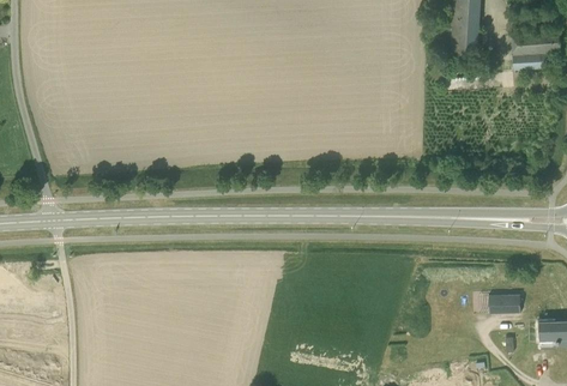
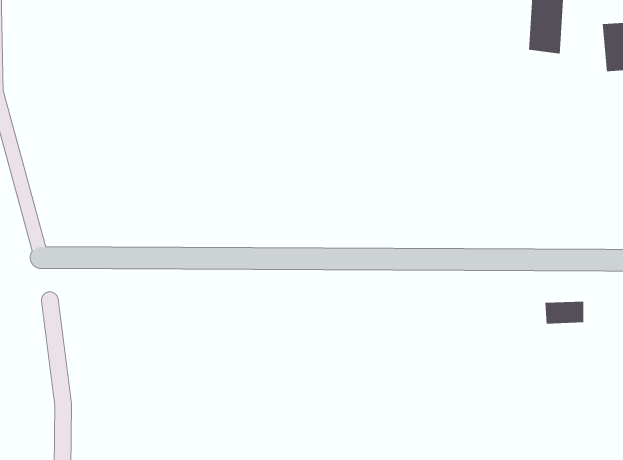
building: [487,295,519,314] -> [544,301,584,324]

